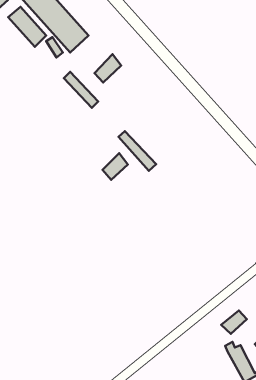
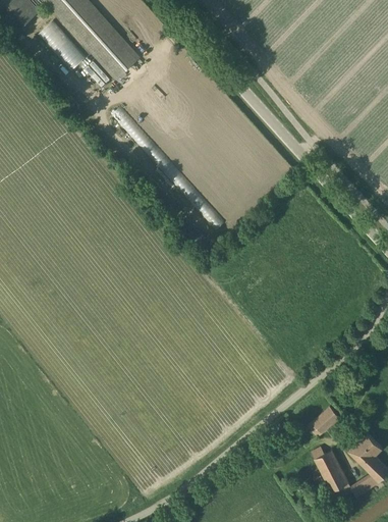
building: [94,54,121,83] -> none
building: [102,153,128,180] -> none

